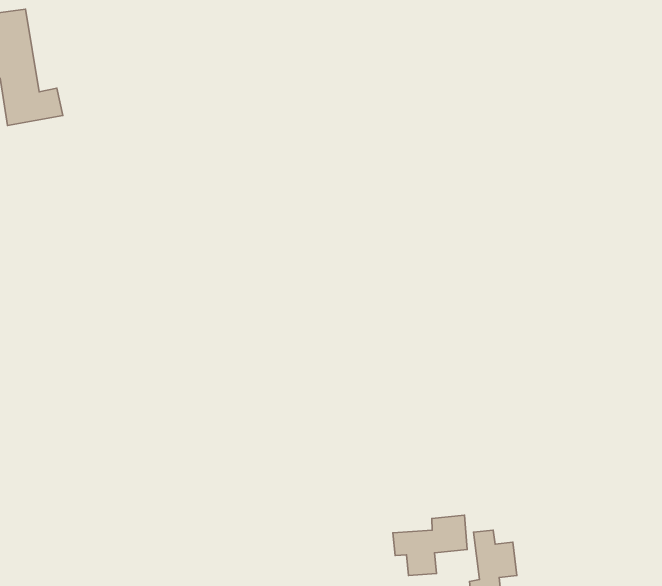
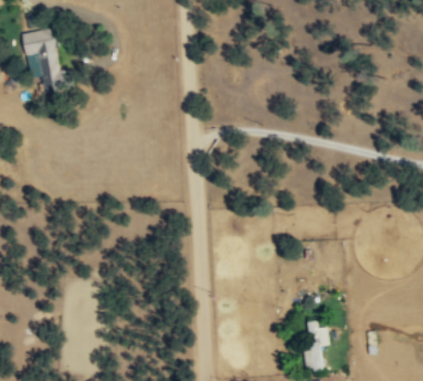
building: [393,515,467,576] -> none

